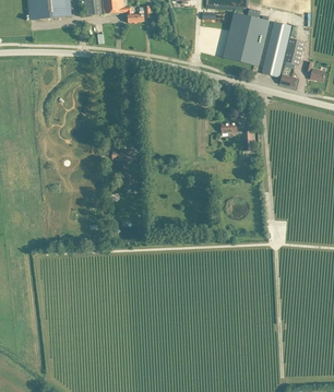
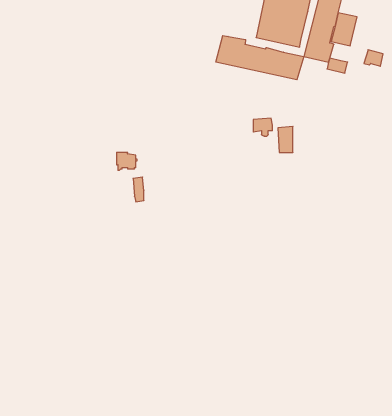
building: none -> [216,36,304,80]

